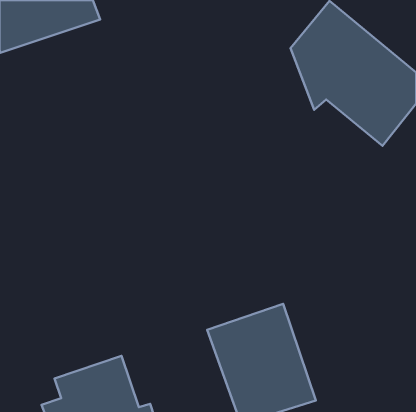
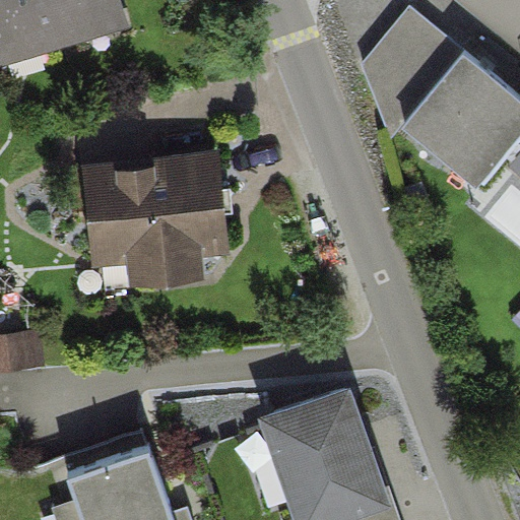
building: none -> [81,157,224,281]

